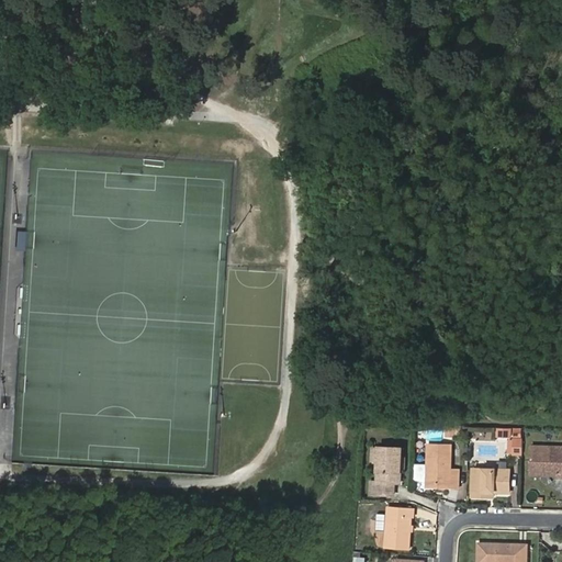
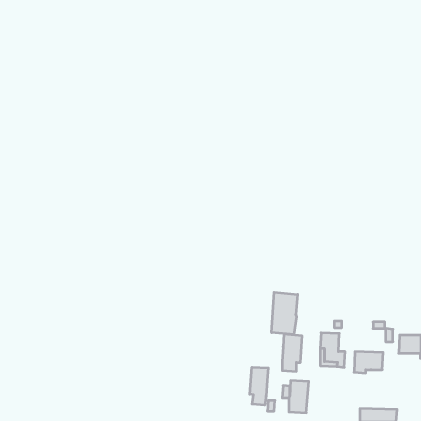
building: none -> [272,292,298,335]
building: none -> [250,367,268,405]

